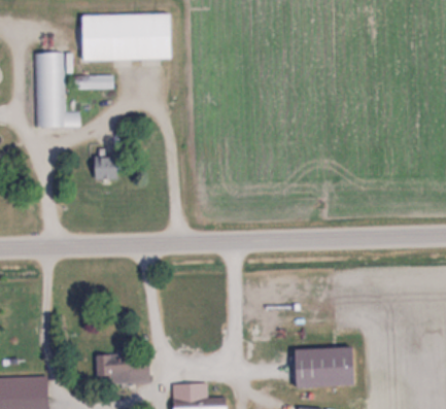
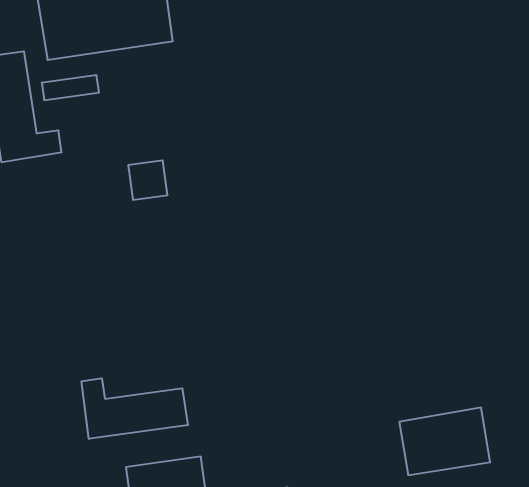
building: [93,156,117,180] -> [128,160,168,200]
building: none -> [82,378,188,439]

